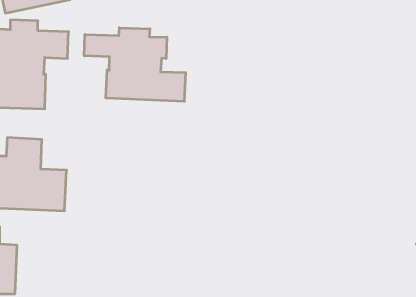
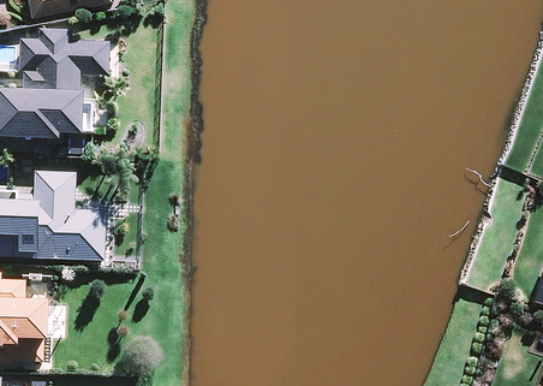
building: [84,28,186,101] -> none

